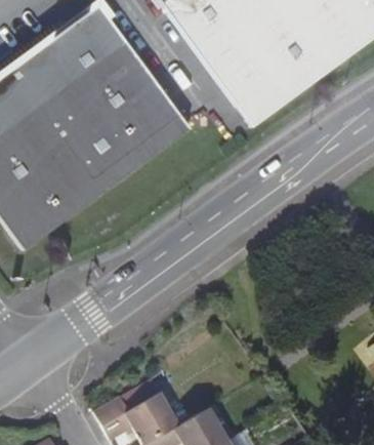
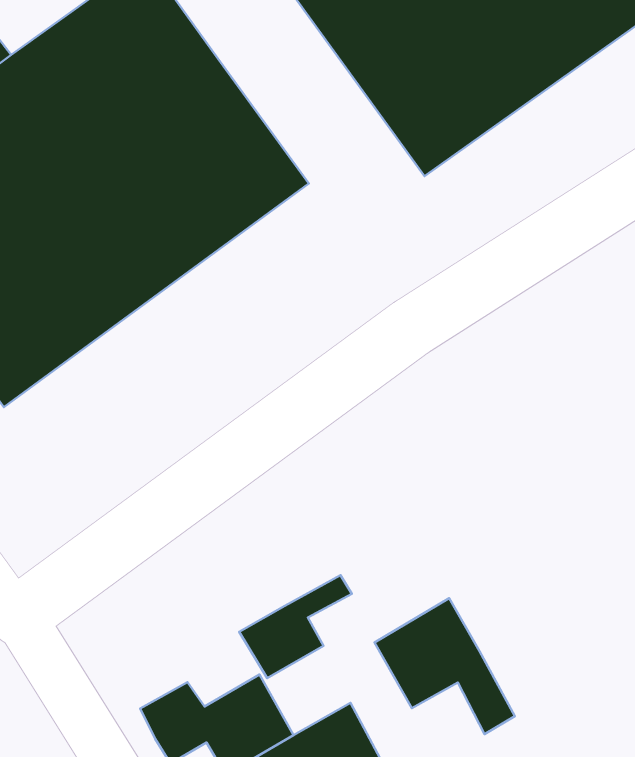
building: none -> [239,575,352,678]
building: none -> [375,598,515,734]

